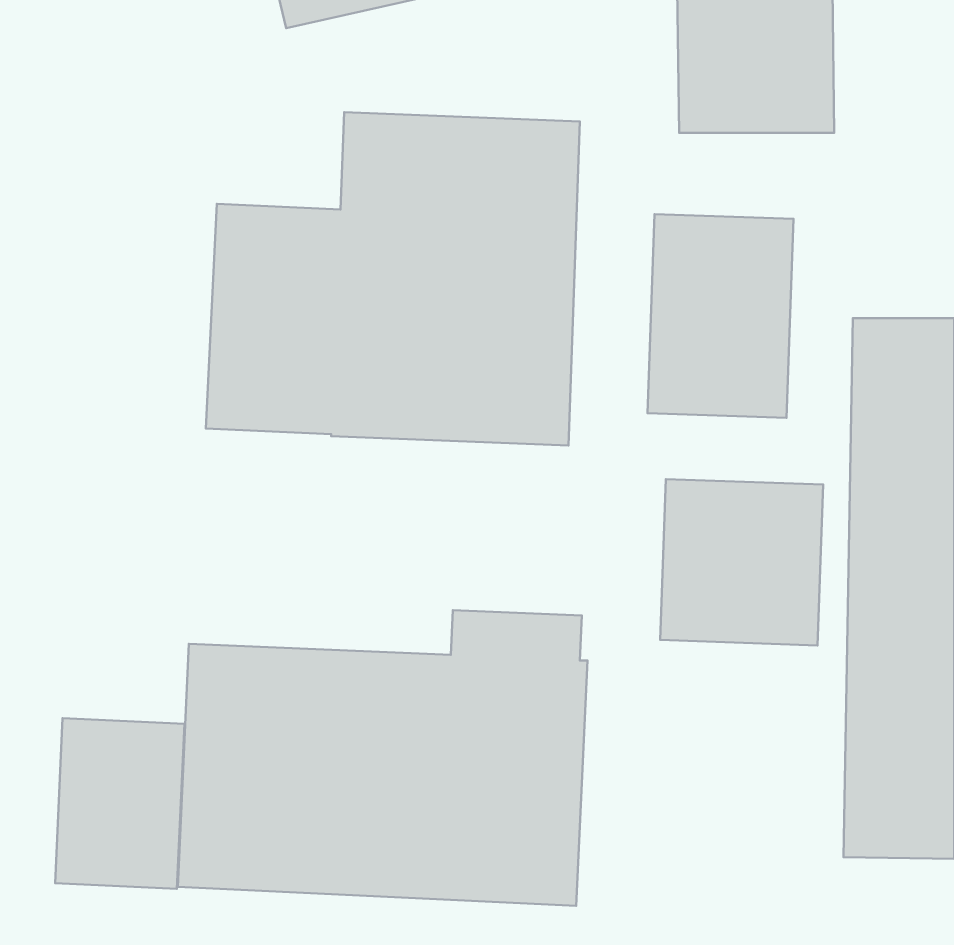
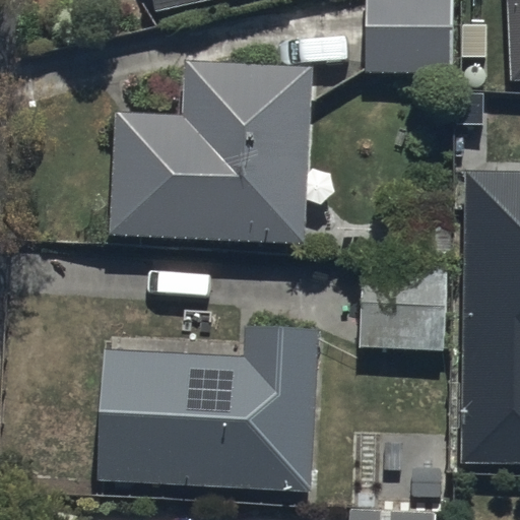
building: [648,214,793,418] -> none
building: [55,718,184,889] -> none

